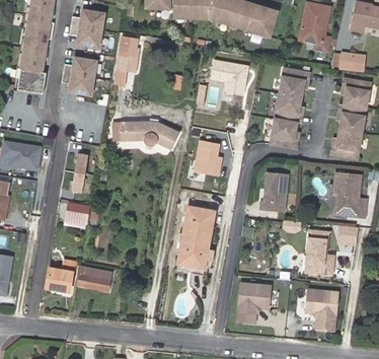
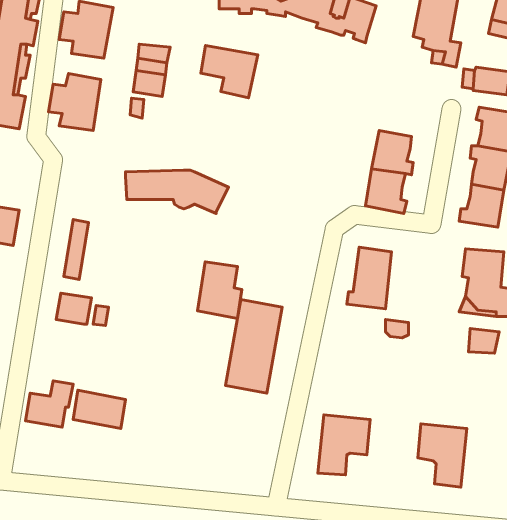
building: [212,61,249,95] -> [201,45,258,98]
building: [279,69,308,98] -> none
building: [194,140,223,177] -> [197,262,242,319]
building: [303,231,332,276] -> none

